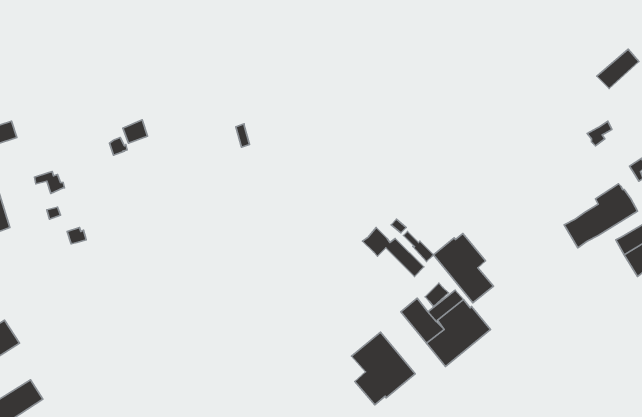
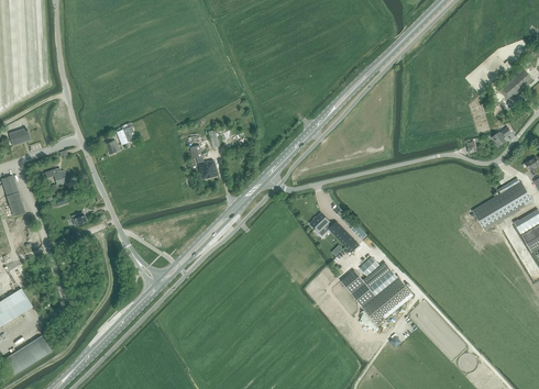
building: none -> [189,144,217,179]
building: [433,234,494,303] -> none
building: [352,332,415,405] -> none

